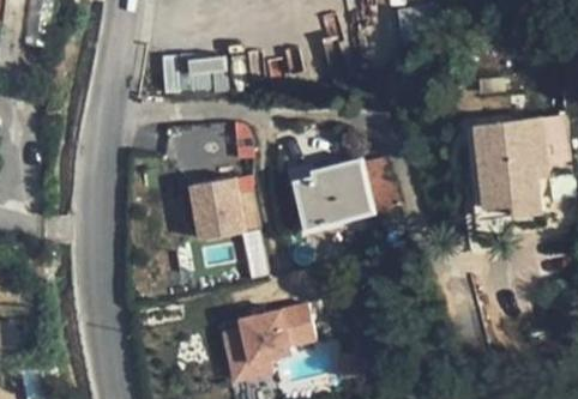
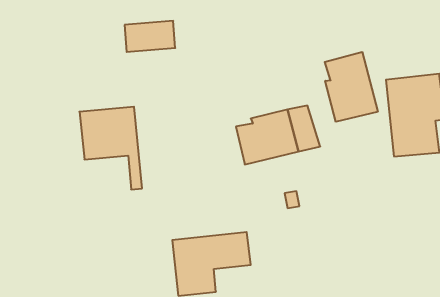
building: none -> [325,52,378,122]
building: [186,177,261,277] -> [79,107,142,189]

